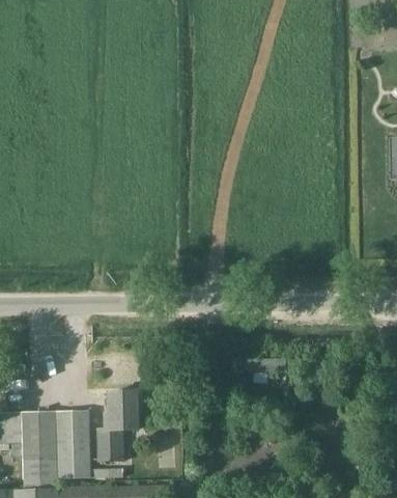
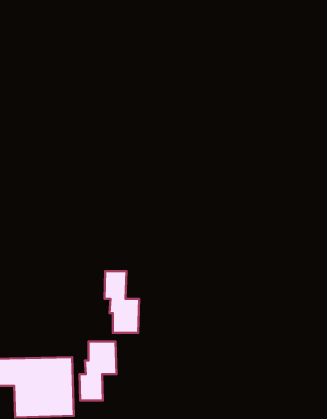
building: none -> [104,271,139,333]

